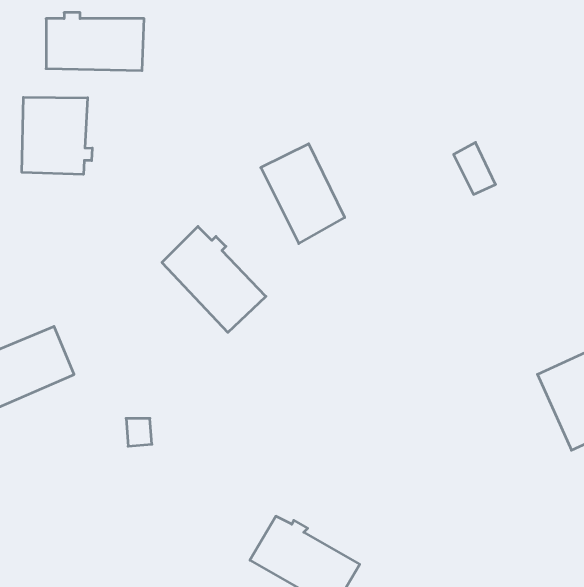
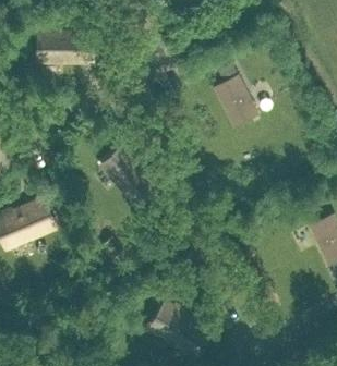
building: [22,97,92,174] -> none
building: [261,144,345,244] -> [212,73,257,127]

